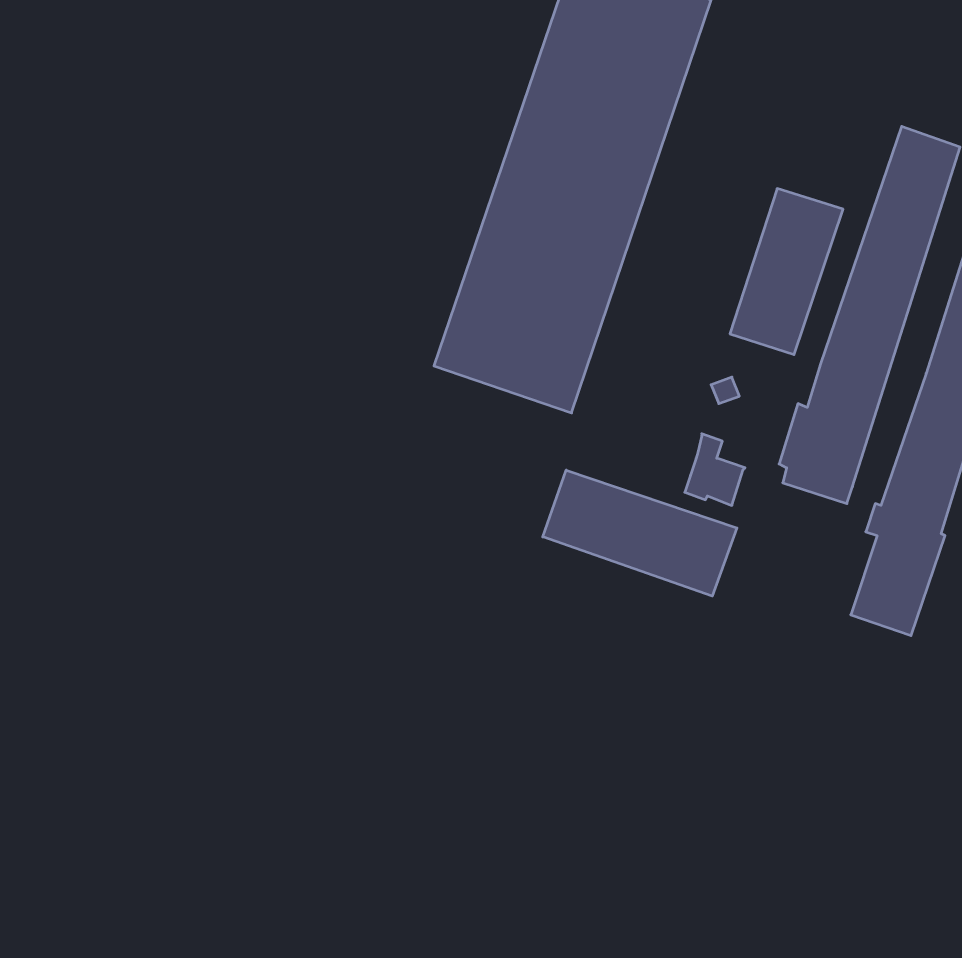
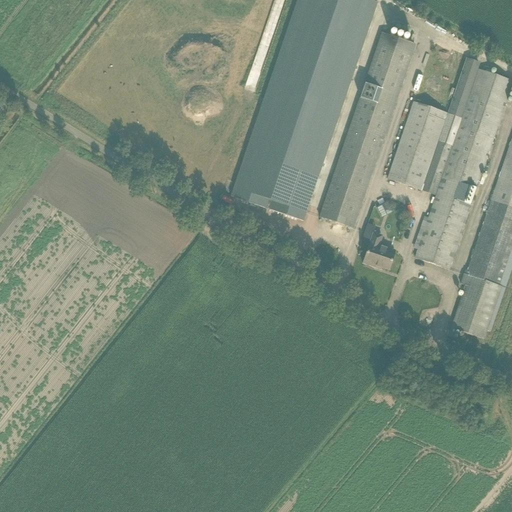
building: none -> [320,31,415,226]
building: none -> [422,56,481,193]
building: [543,470,737,596] -> none

